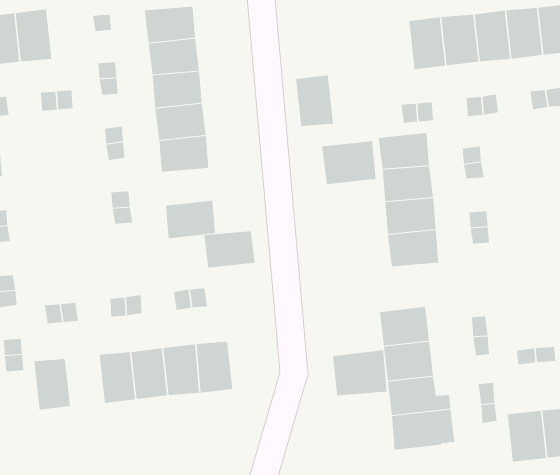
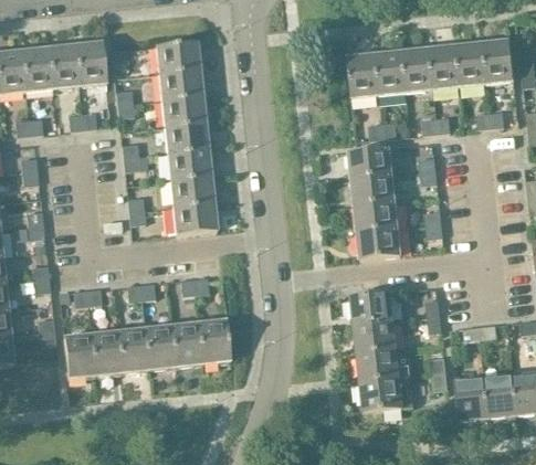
building: none -> [74,42,106,86]
building: [295,75,334,127] -> [347,54,379,97]
building: [321,140,376,185] -> none
building: [204,231,255,268] -> [169,177,212,208]
building: [332,350,387,396] -> none
building: none -> [90,331,122,374]

